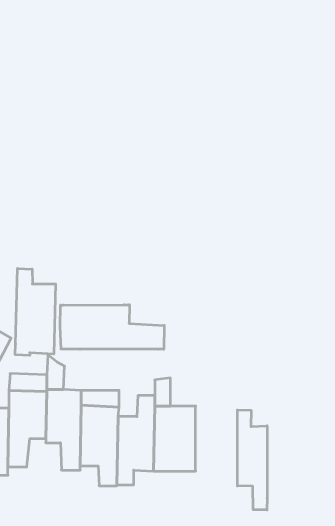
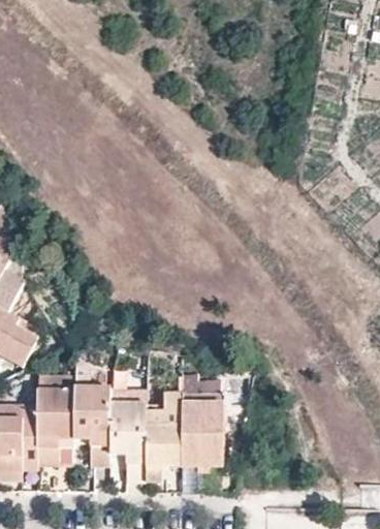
building: [15,268,56,355] -> none
building: [60,305,164,349] -> none
building: [237,410,267,510] -> none

